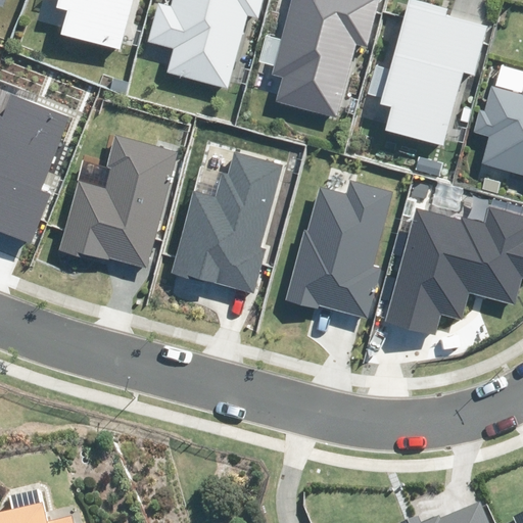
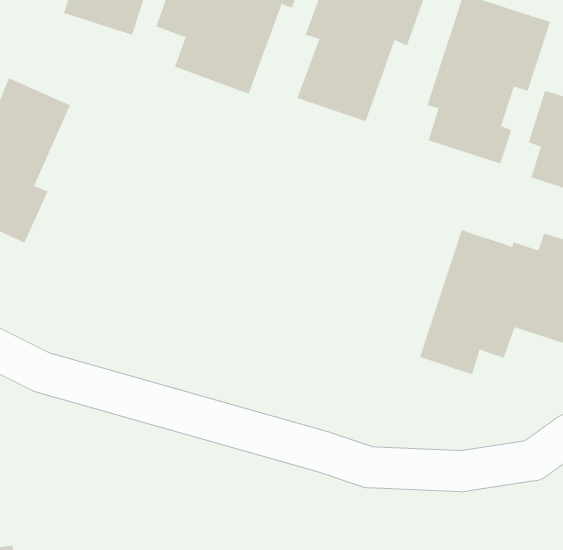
building: [58,134,177,267] -> none
building: [172,153,283,293] -> none
building: [285,181,393,317] -> none

